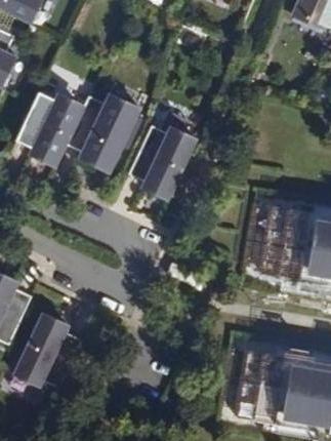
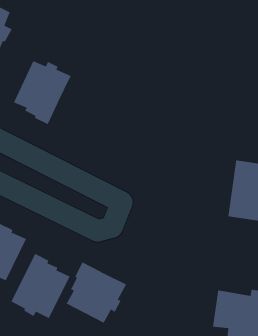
building: [68,91,140,169] -> none
building: [129,127,195,200] -> none
building: none -> [66,261,127,324]

